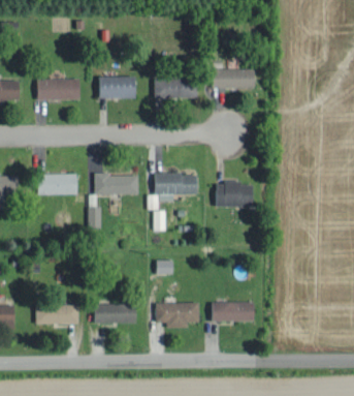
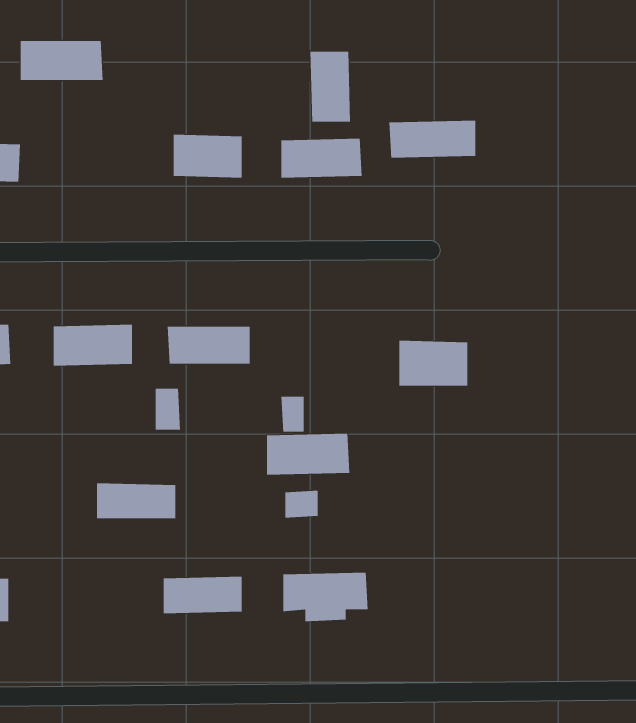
building: none -> [310,51,351,122]
building: [38,79,82,99] -> [20,40,104,80]
building: [154,173,197,194] -> [266,433,350,475]
building: [212,302,253,322] -> none
building: [37,305,78,324] -> [96,483,176,519]

